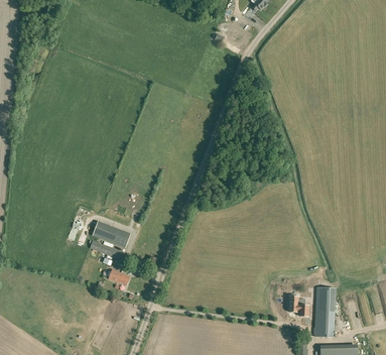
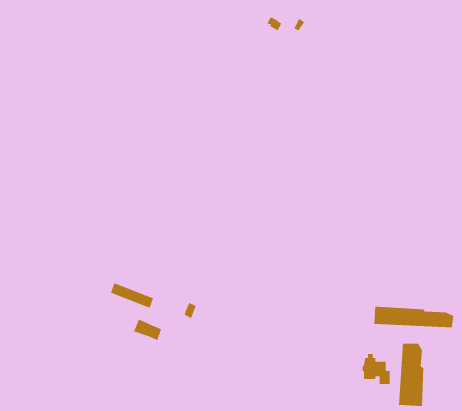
building: [92,219,131,247] -> none
building: none -> [374,306,454,328]

